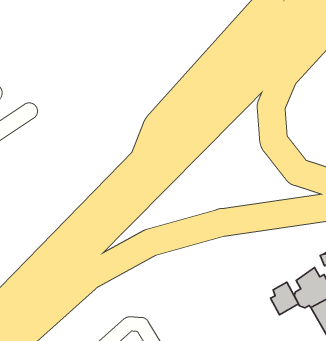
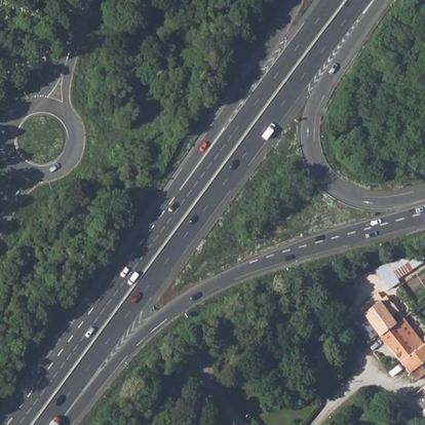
building: [270,282,298,315] -> none

